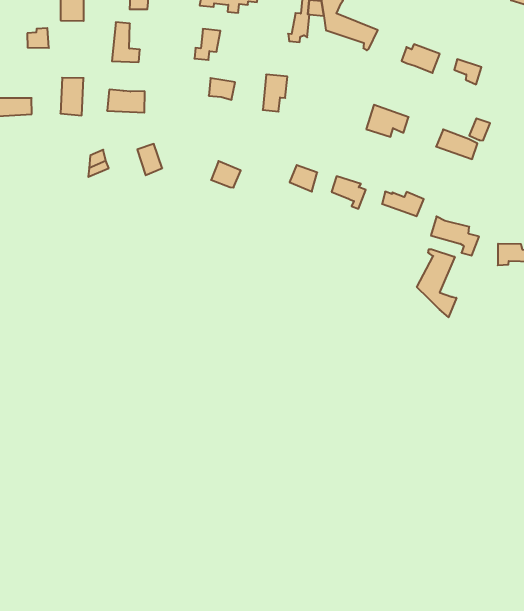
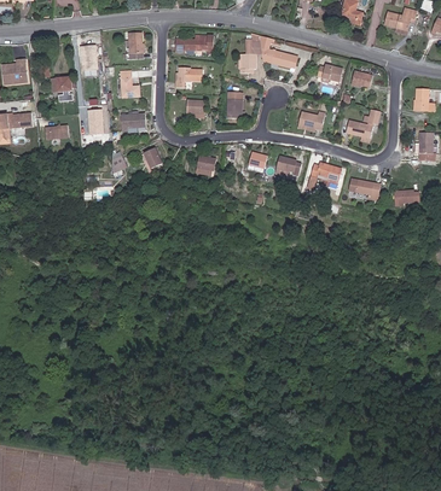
building: [417,249,456,317] -> none

